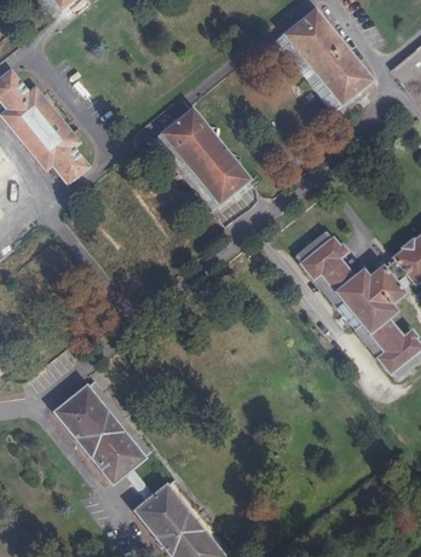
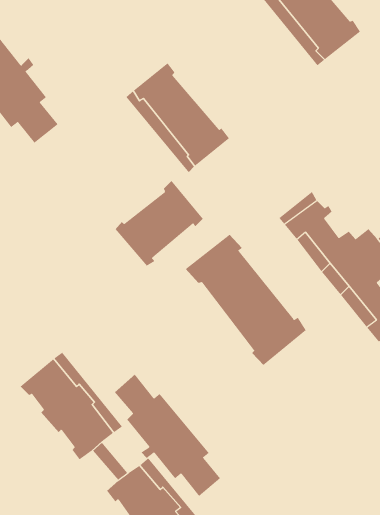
building: none -> [115,180,204,267]
building: none -> [185,234,307,366]
building: none -> [114,374,221,497]

